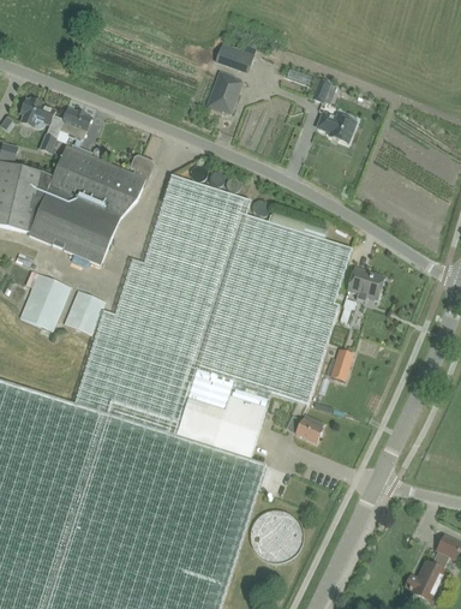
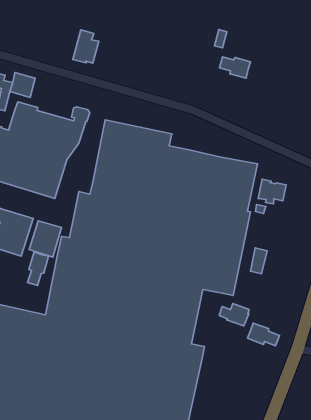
building: [215,44,253,73] -> none
building: [206,72,240,114] -> [73,30,99,63]
building: none -> [28,252,48,286]
building: none -> [247,323,280,346]

